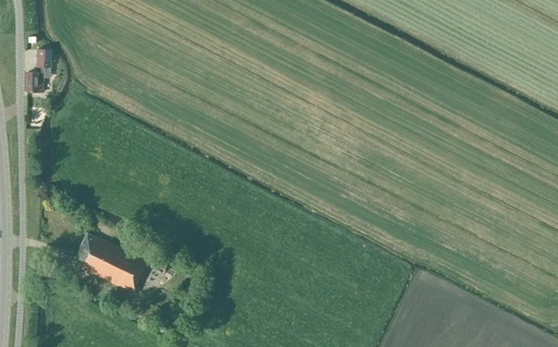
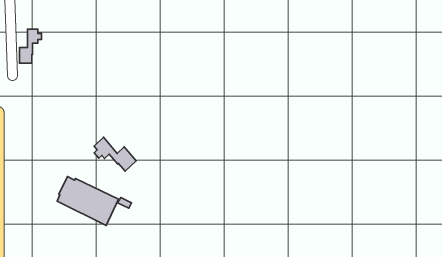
building: none -> [94,137,136,171]

